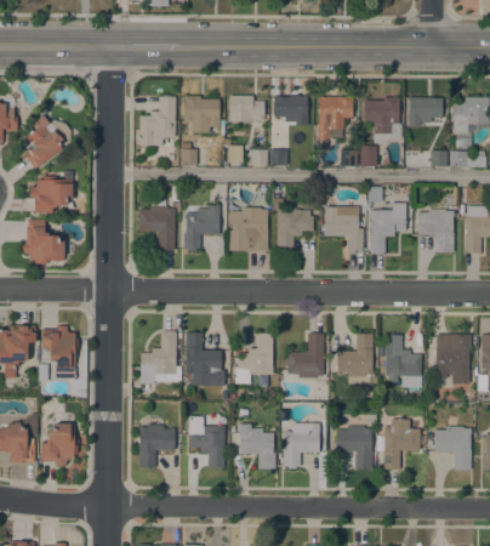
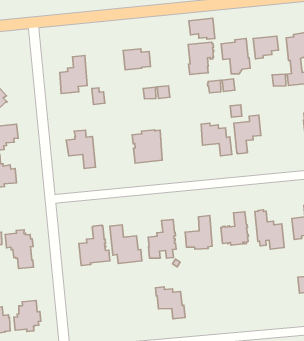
building: [184,96,220,133] -> none
building: [274,97,307,125] -> [189,18,215,39]
building: [273,199,313,252] -> none
building: [183,206,220,251] -> none
building: [417,209,454,252] -> none
building: [189,417,224,467] -> none
building: [383,420,421,470] -> none
building: [284,423,319,468] -> none
building: [138,425,175,468] -> none
building: [336,427,372,470] -> none

